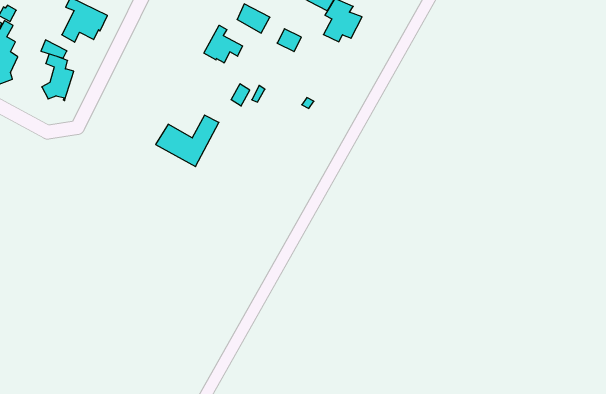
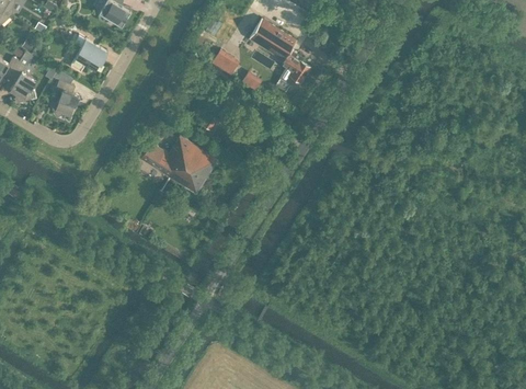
building: [204,25,242,63] -> none
building: none -> [170,144,217,193]

